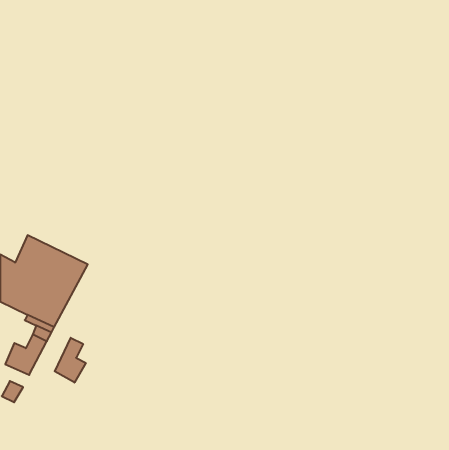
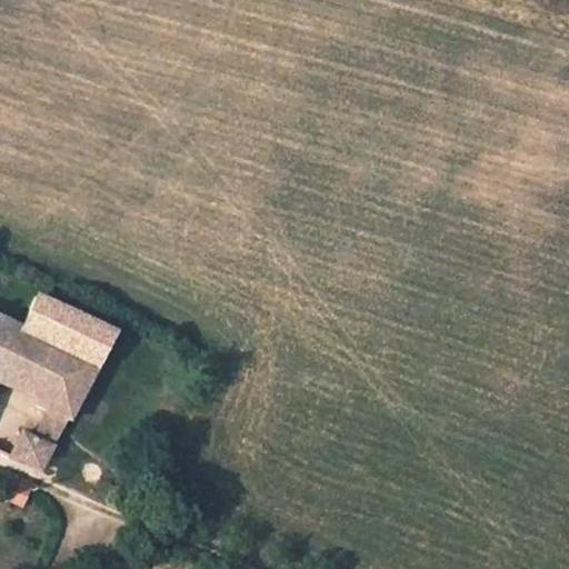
building: [55,338,86,383] -> none

